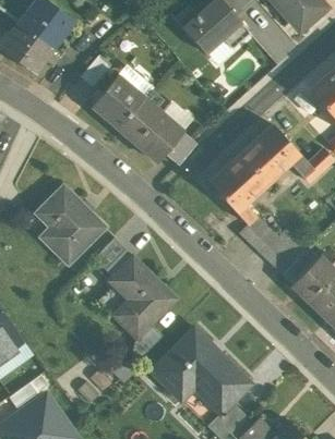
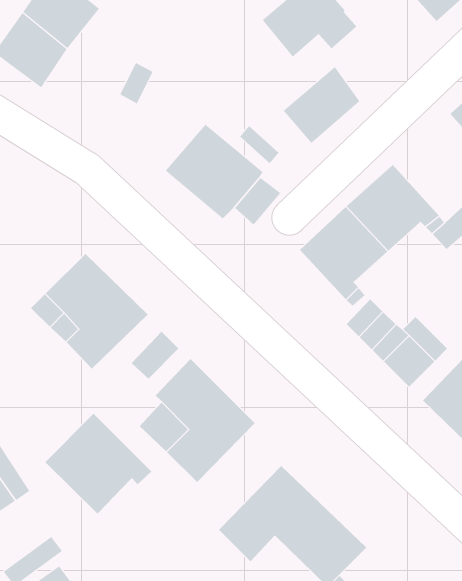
building: none -> [283,66,360,144]
building: [92,74,145,129] -> none
building: none -> [45,413,152,515]

